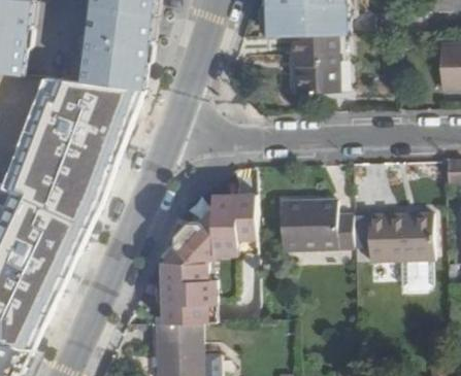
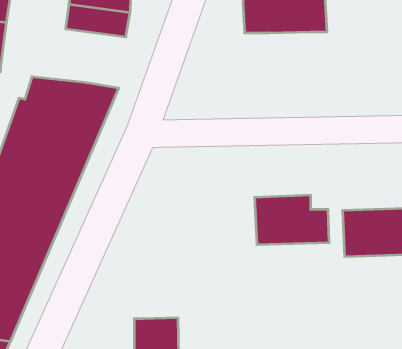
building: [80,33,147,93] -> none
building: [292,36,335,94] -> none
building: [162,197,254,326] -> none

